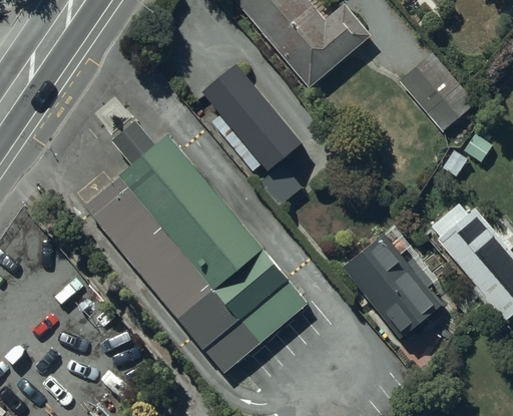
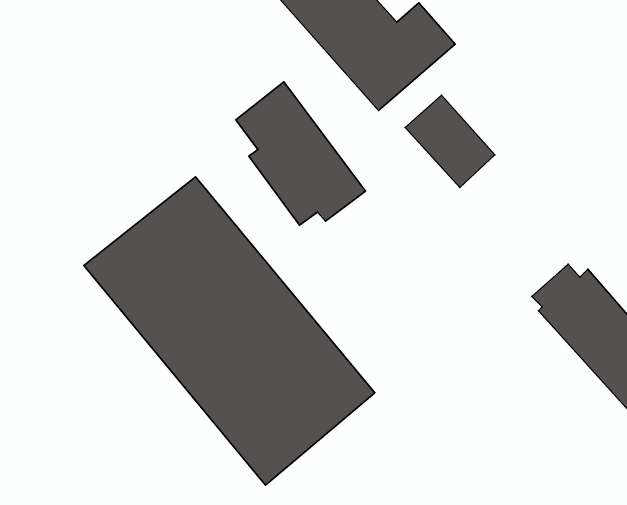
building: [397,58,466,129] -> [405,95,495,187]
building: [345,230,440,336] -> none

